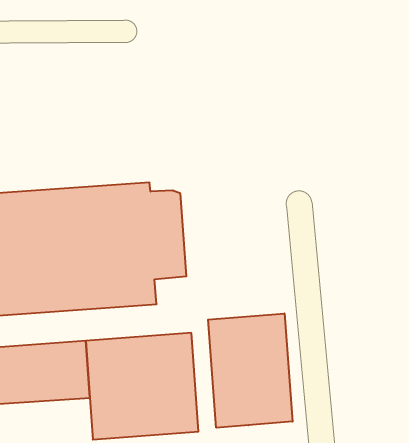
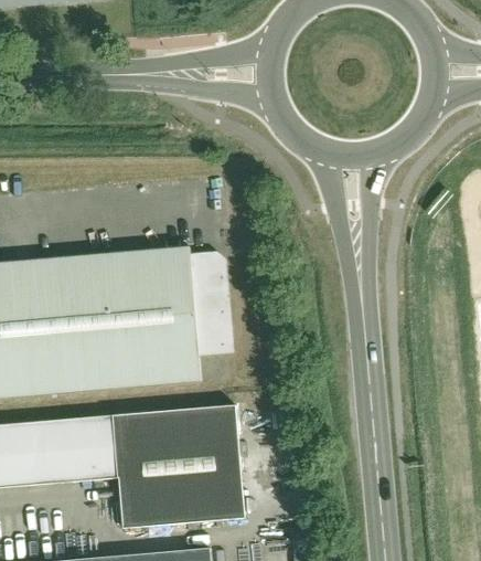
building: [208,313,293,428] -> none

